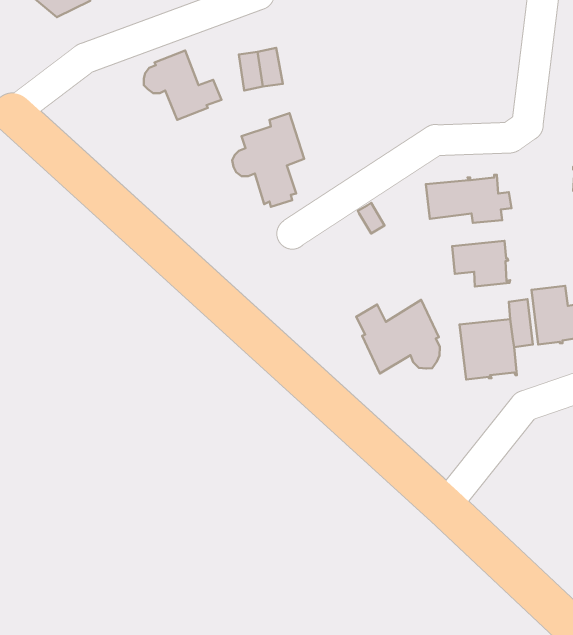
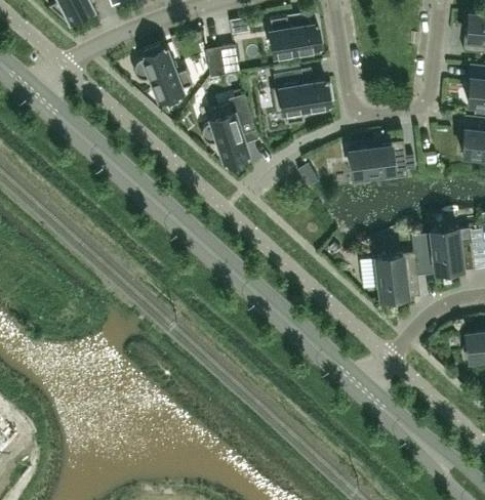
building: none -> [270,15,321,56]
building: none -> [272,70,333,124]
building: [452,241,510,286] -> none
building: [356,300,440,373] -> none

